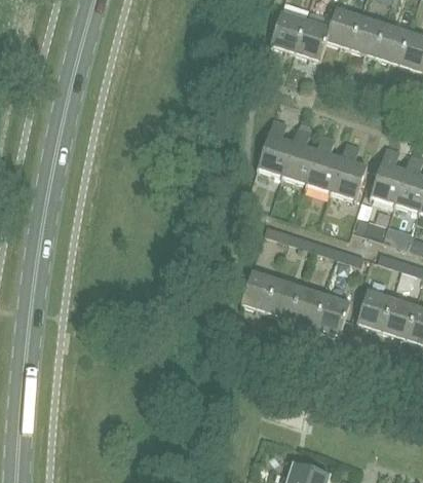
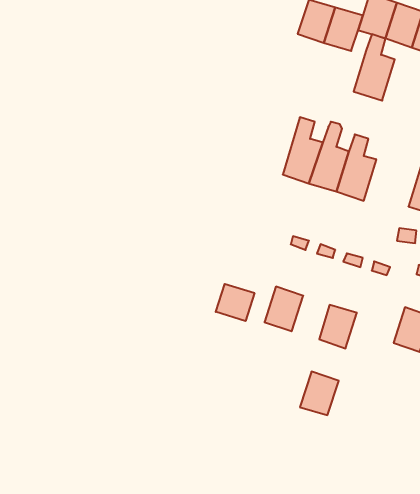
building: [331,142,368,201] -> [354,34,395,101]
building: none -> [216,284,254,321]
building: [266,278,300,318] -> none
building: [314,294,349,333] -> [300,372,339,415]

